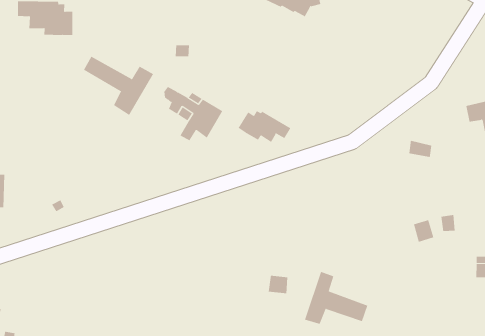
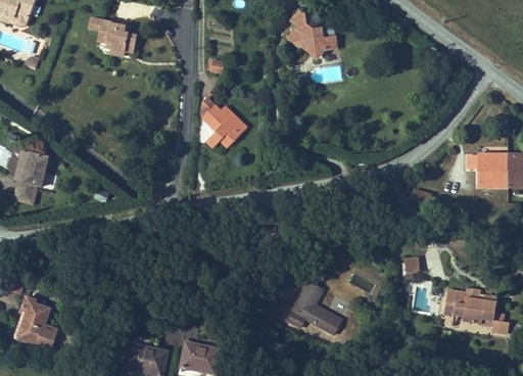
building: [83,56,154,116] -> none
building: [238,110,291,143] -> none

